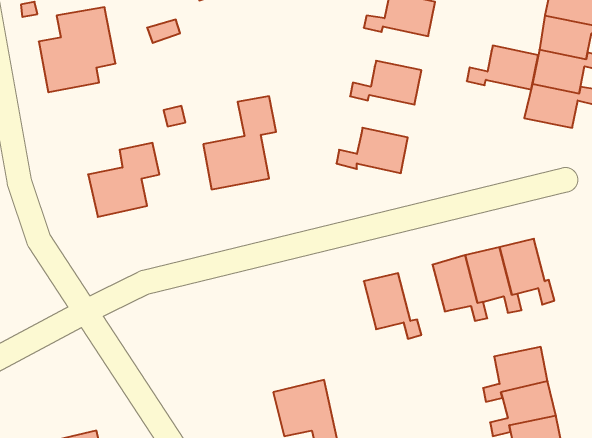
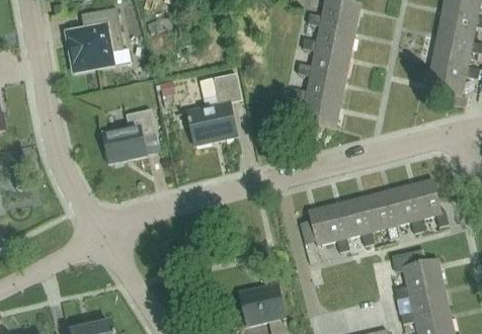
building: [467,46,538,89] -> [302,21,354,54]
building: none -> [292,72,344,103]
building: none -> [332,197,374,246]

